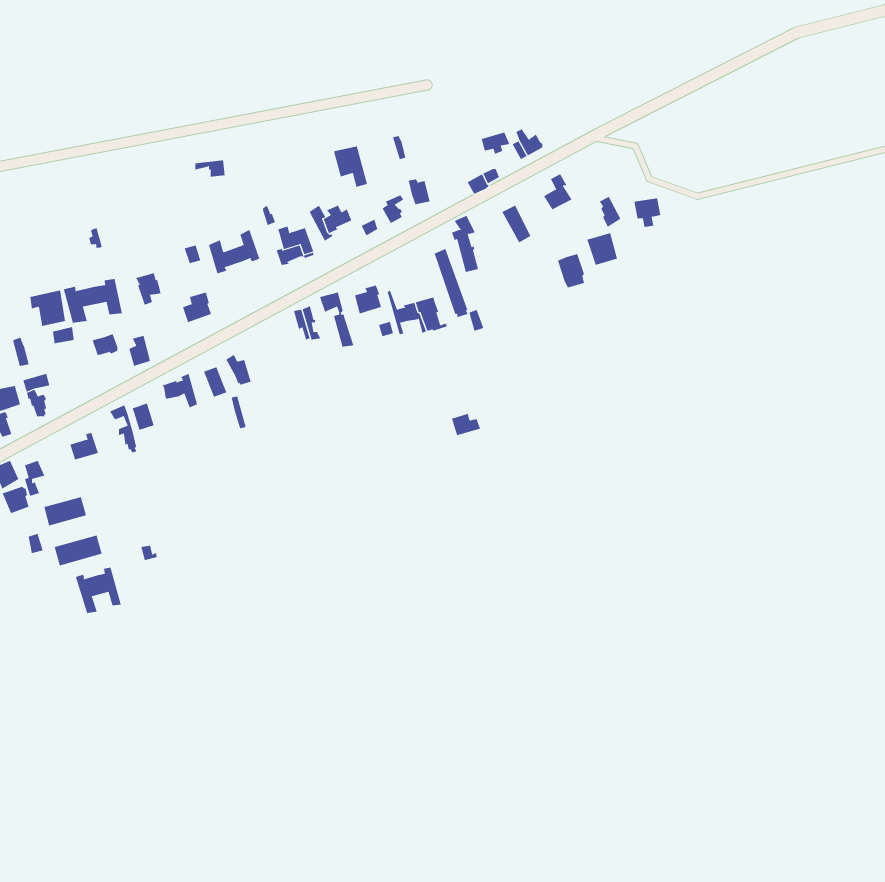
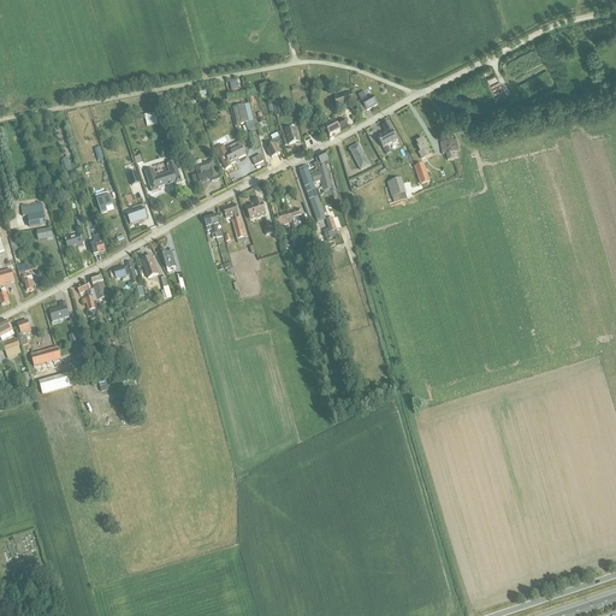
building: [63,278,122,324] -> none
building: [75,567,121,614] -> none

